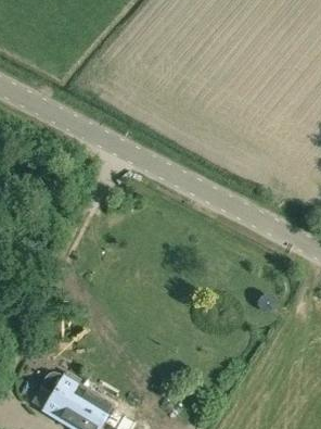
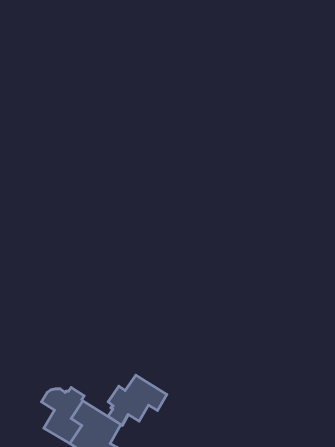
building: none -> [108,375,167,425]

